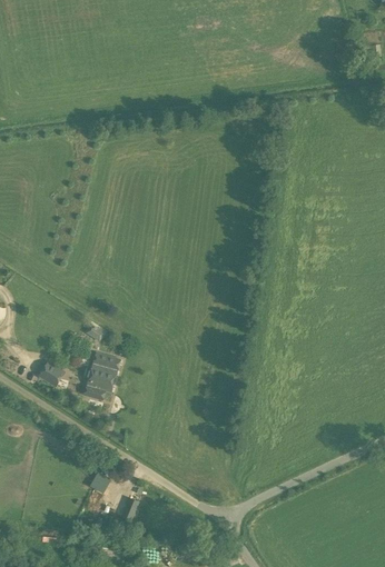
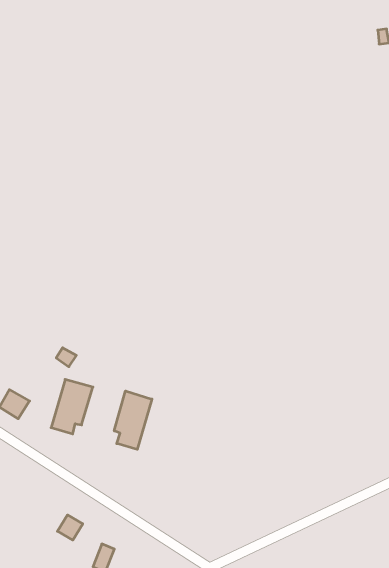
building: none -> [114,391,152,449]

